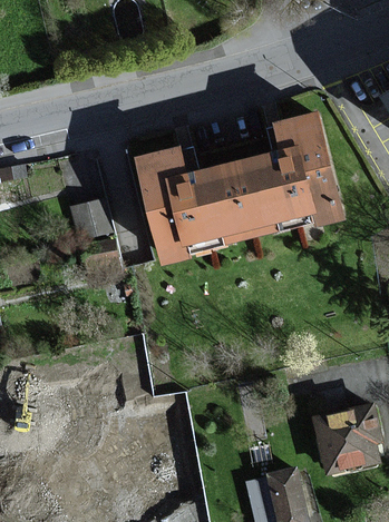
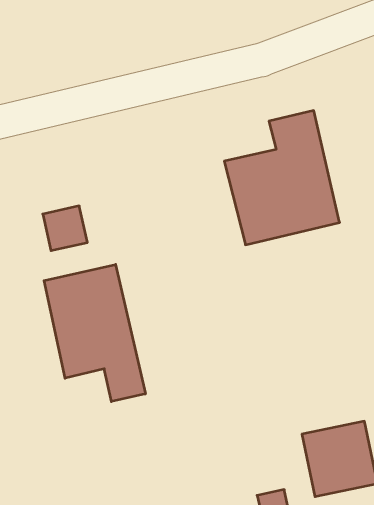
building: [140,147,255,259] -> none
building: none -> [44,264,145,402]

